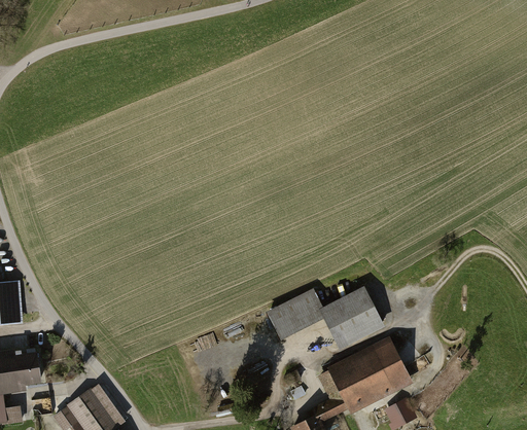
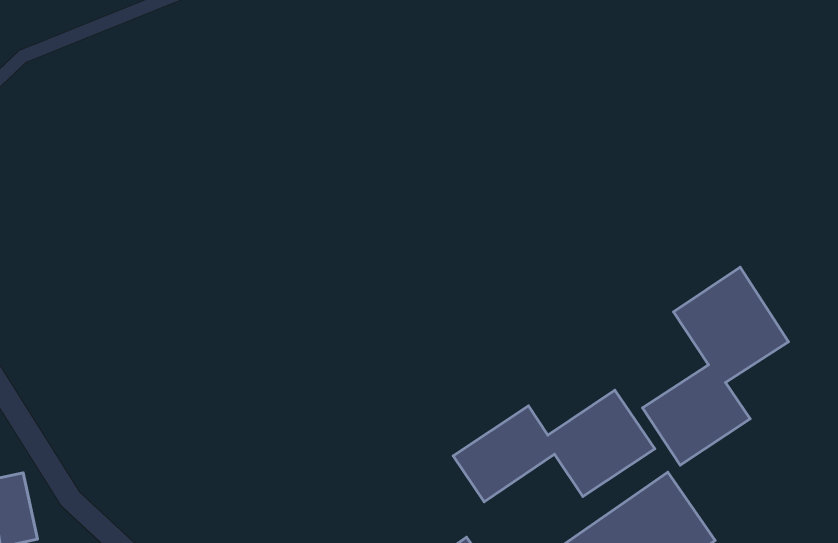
building: none -> [642,267,789,465]

